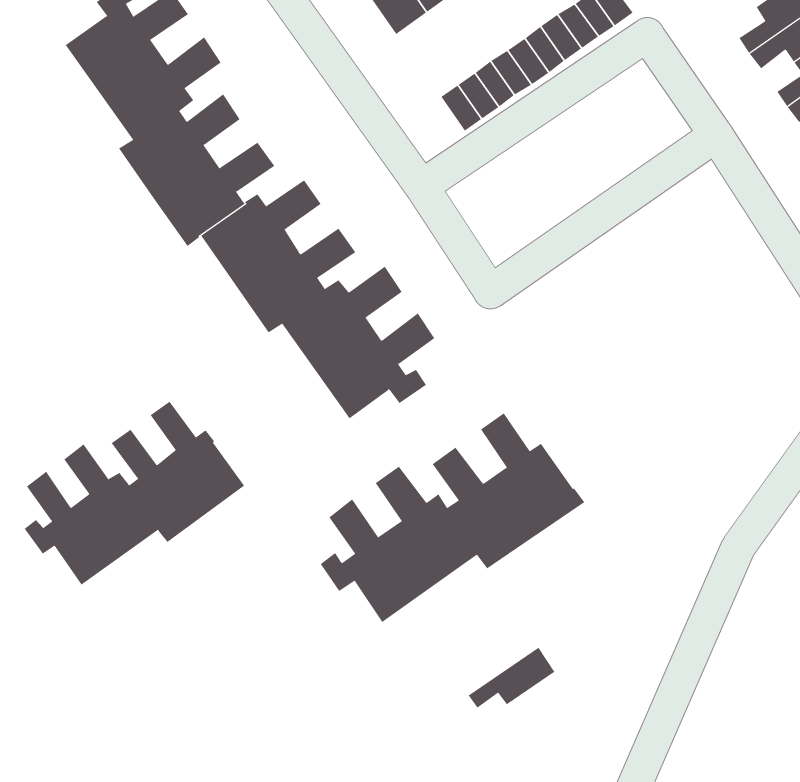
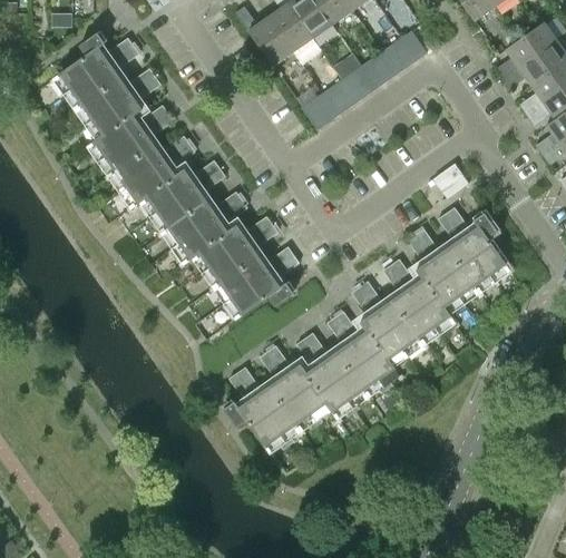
building: none -> [351,206,506,359]
building: [24,401,246,586] -> none
building: [468,647,555,708] -> none

